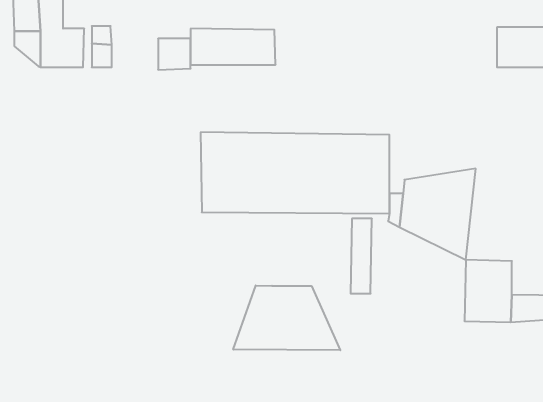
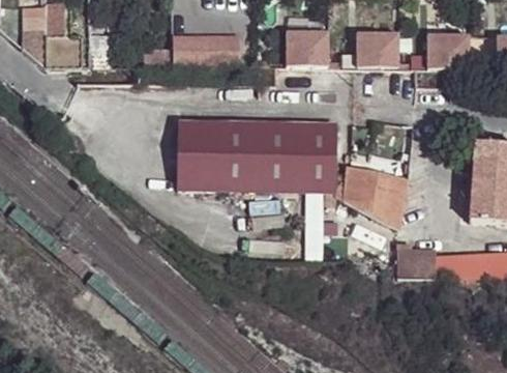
building: none -> [285,28,326,62]
building: none -> [355,29,396,63]
building: [233,285,340,350] -> none

